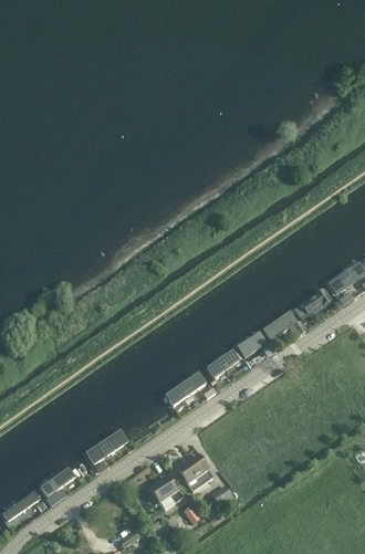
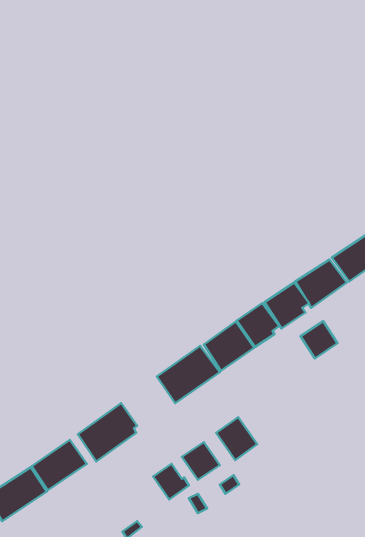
building: none -> [301,321,338,358]
building: none -> [216,417,257,460]

